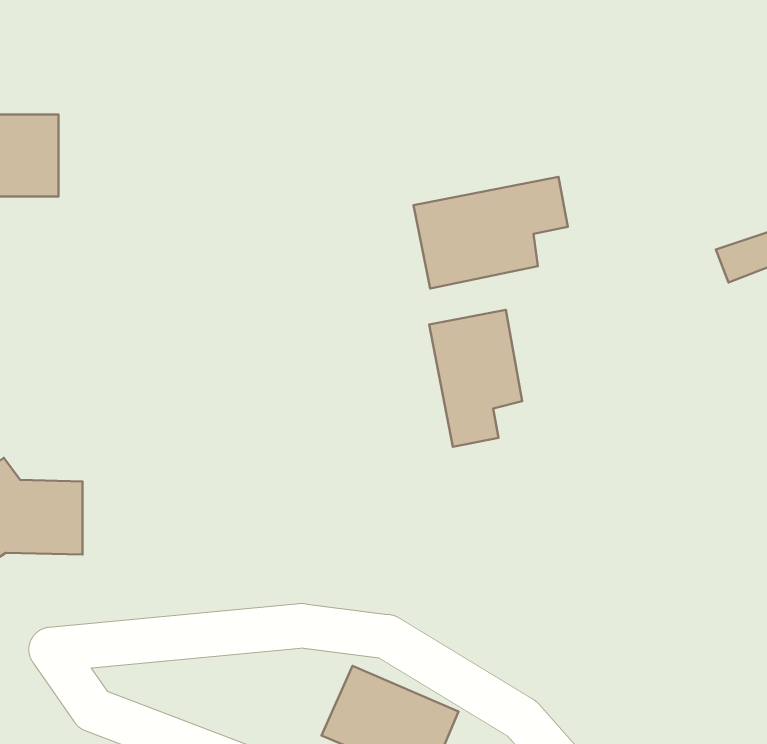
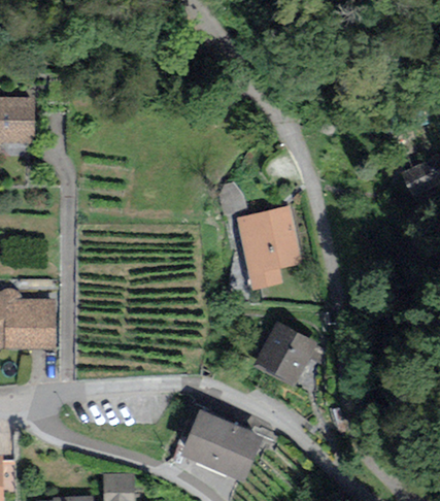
building: [414,177,568,289] -> none
building: none -> [259,321,313,375]

